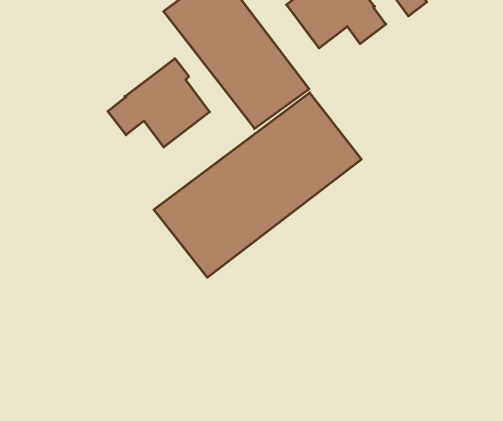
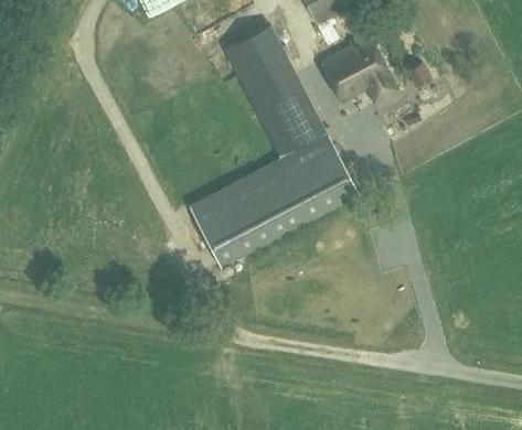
building: [108,59,210,147] -> none

